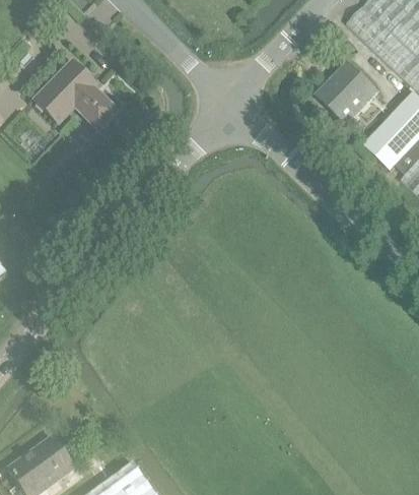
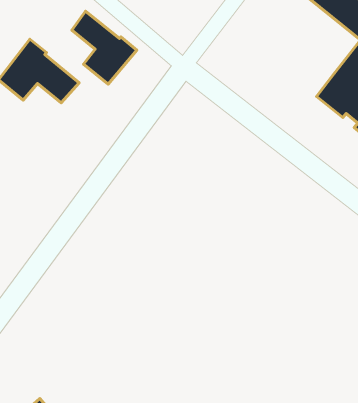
building: none -> [72,11,137,84]
building: [320,62,370,116] -> none

